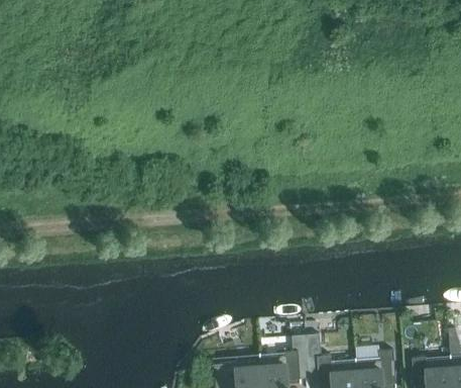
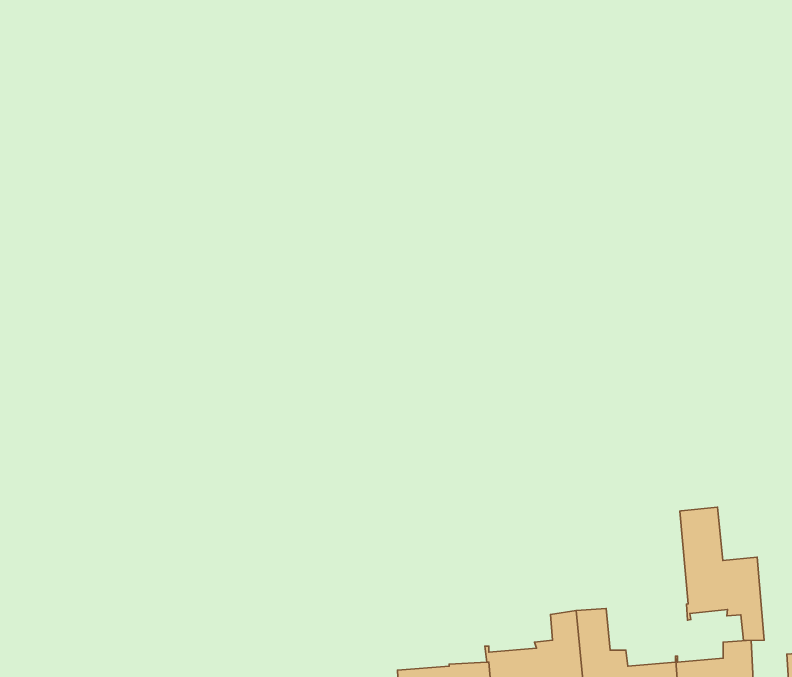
building: none -> [680,507,764,640]

